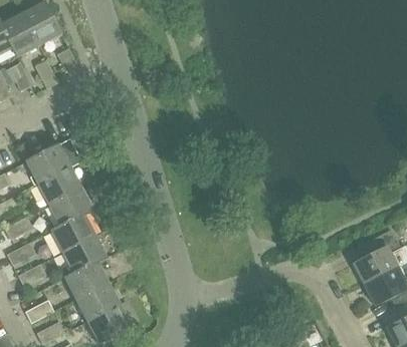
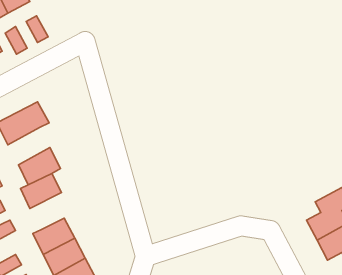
building: [38,166,82,206] -> none
building: [61,235,107,274] -> none

